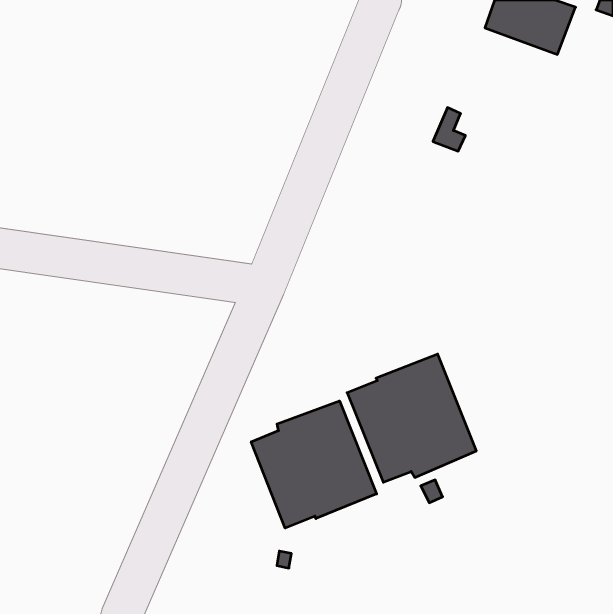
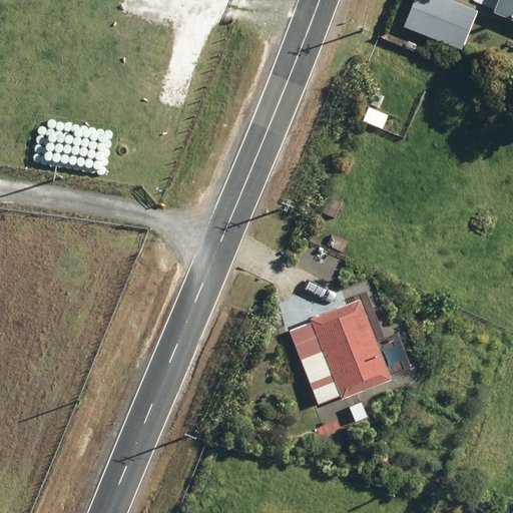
building: [251,401,377,528] -> none

